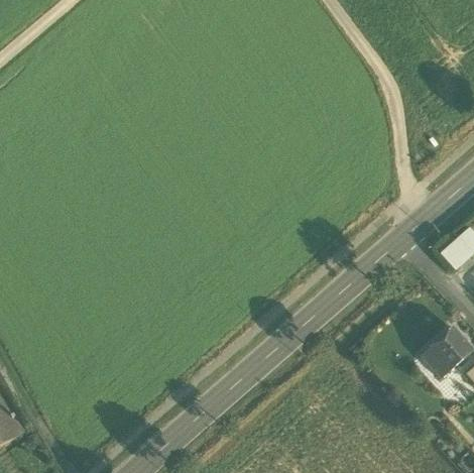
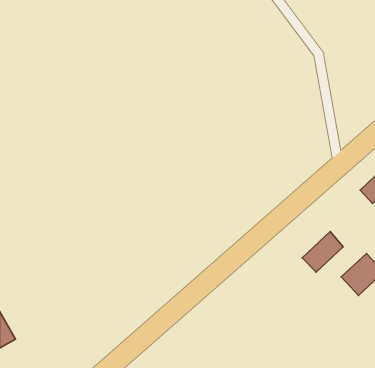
building: none -> [302,231,343,272]

